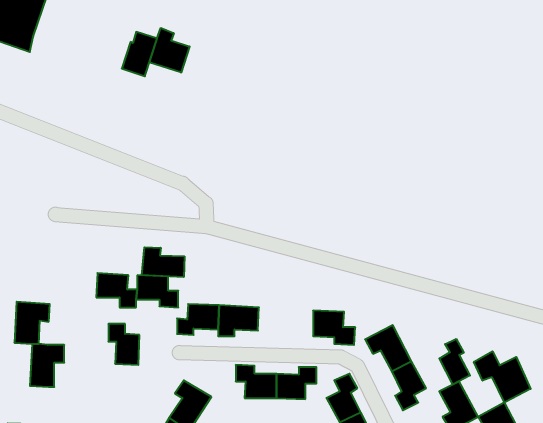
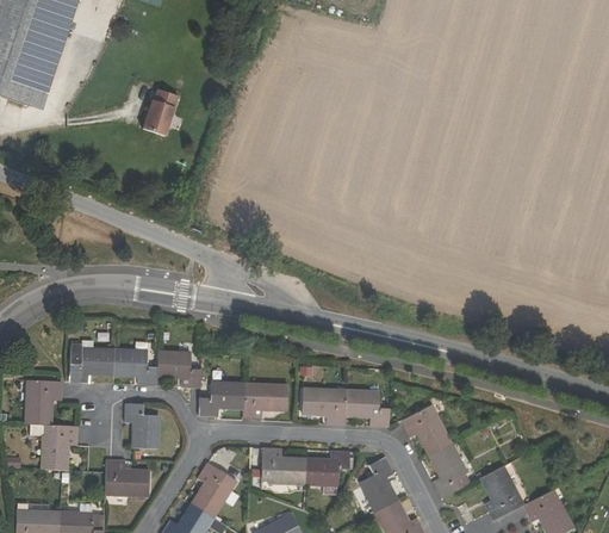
building: [149,28,190,73] -> none
building: [142,247,184,277] -> none
building: none -> [68,346,113,383]
building: none -> [302,388,346,423]
building: [439,339,470,385] -> none
building: [474,351,531,402] -> none
building: none -> [105,460,149,495]

